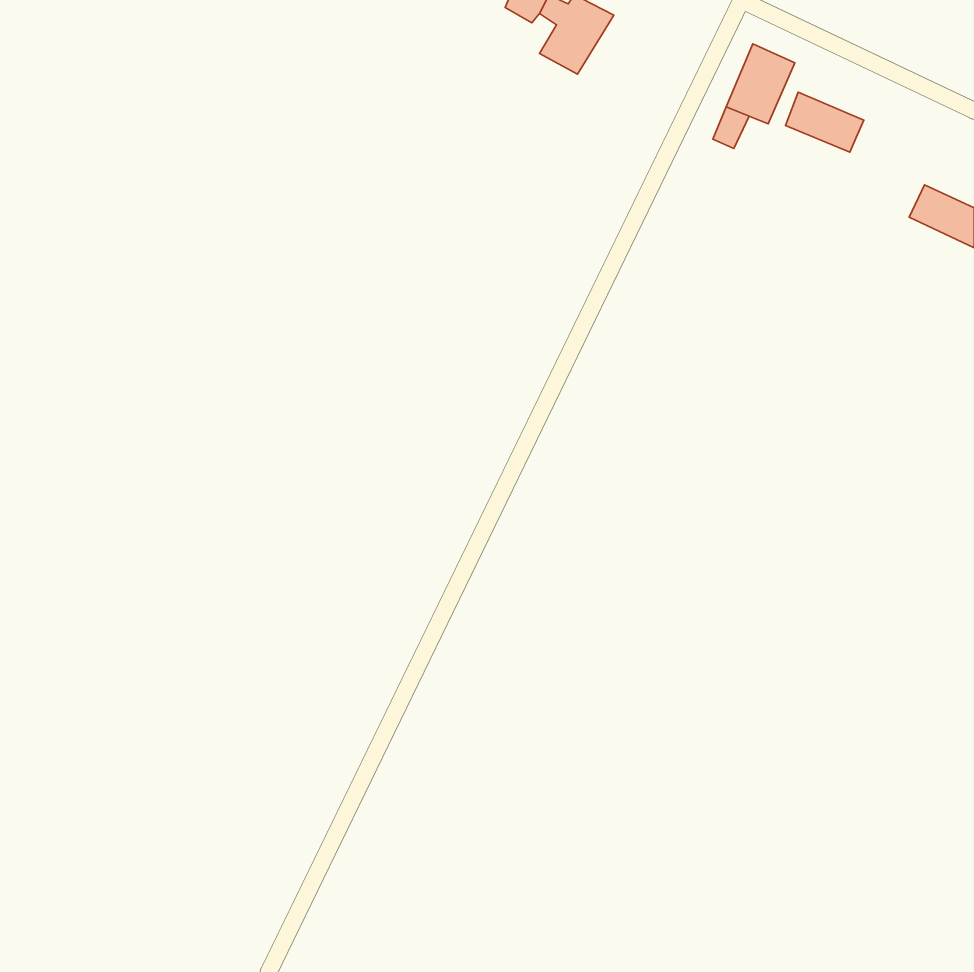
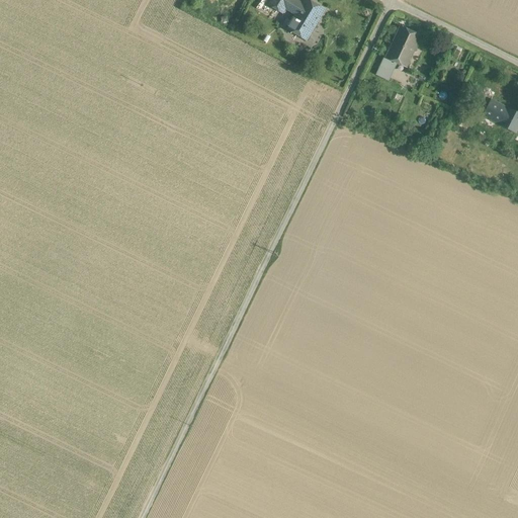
building: [785,92,864,152] -> none

